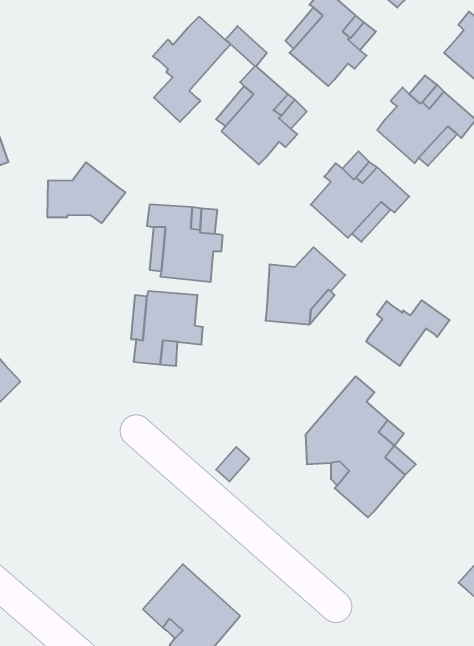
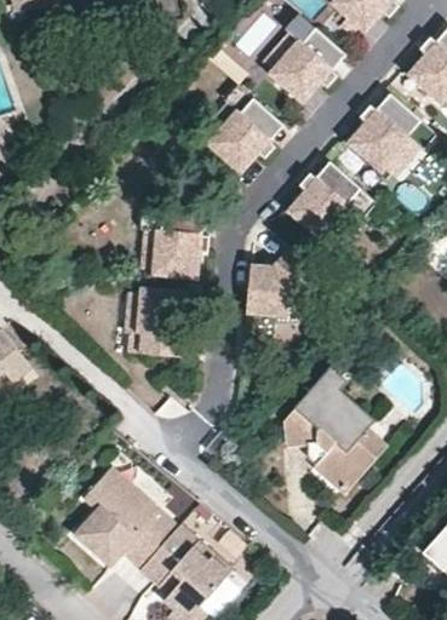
building: [153,17,231,122] -> none
building: [48,162,125,223] -> none
building: [366,300,450,366] -> none
building: none -> [74,480,172,576]

